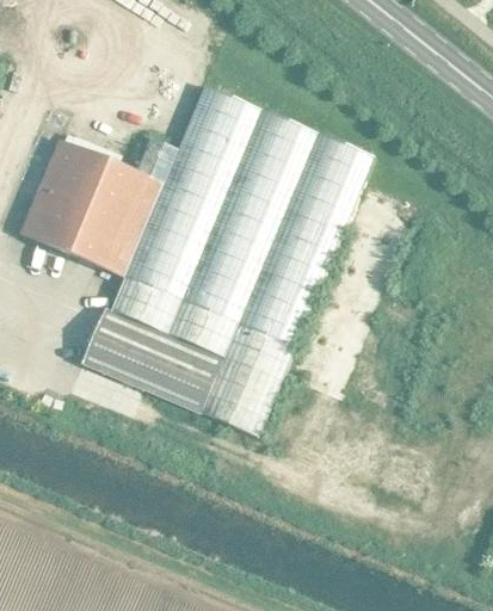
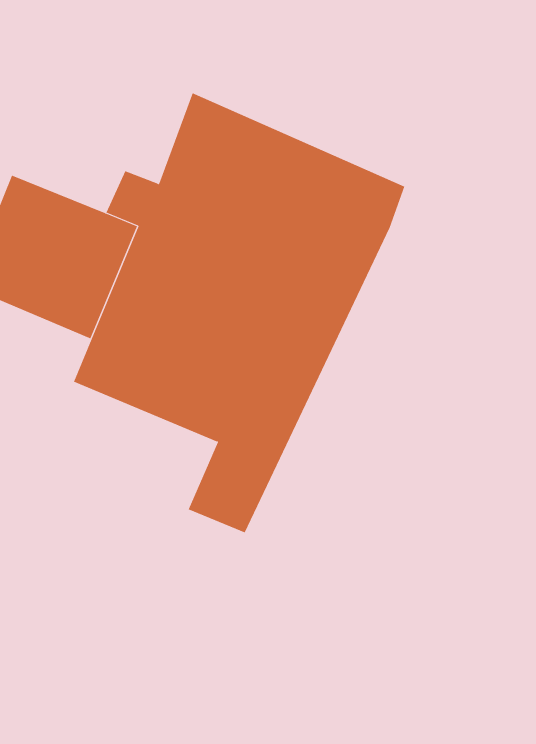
building: [81,309,226,415] -> none

